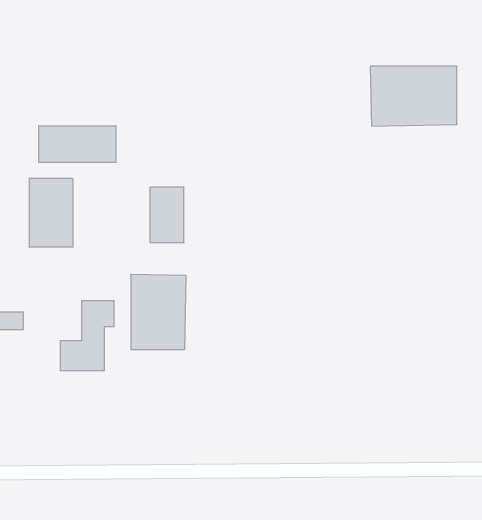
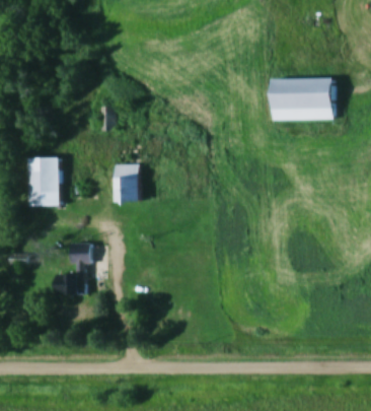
building: [39,126,116,162] -> none
building: [131,274,186,350] -> none

